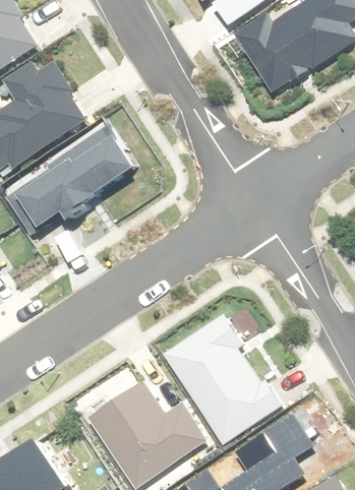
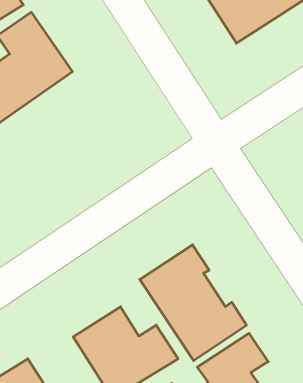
building: [16,127,136,229] -> none

